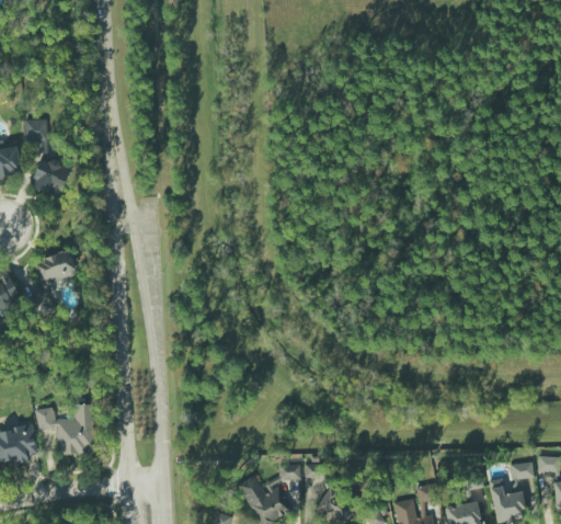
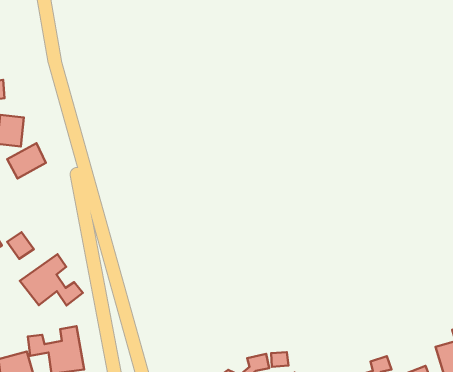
building: [33,250,76,286] -> [7,143,46,178]
building: none -> [20,254,83,305]

